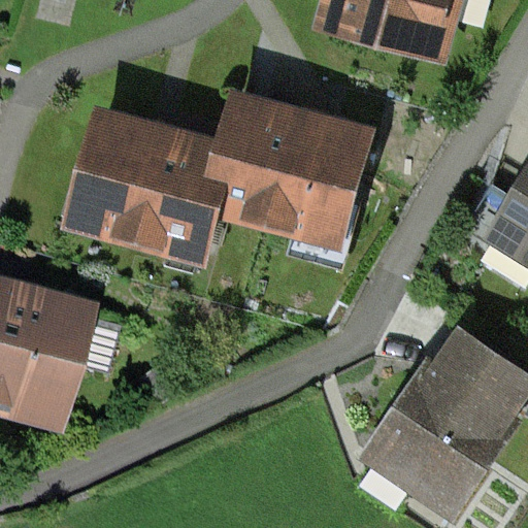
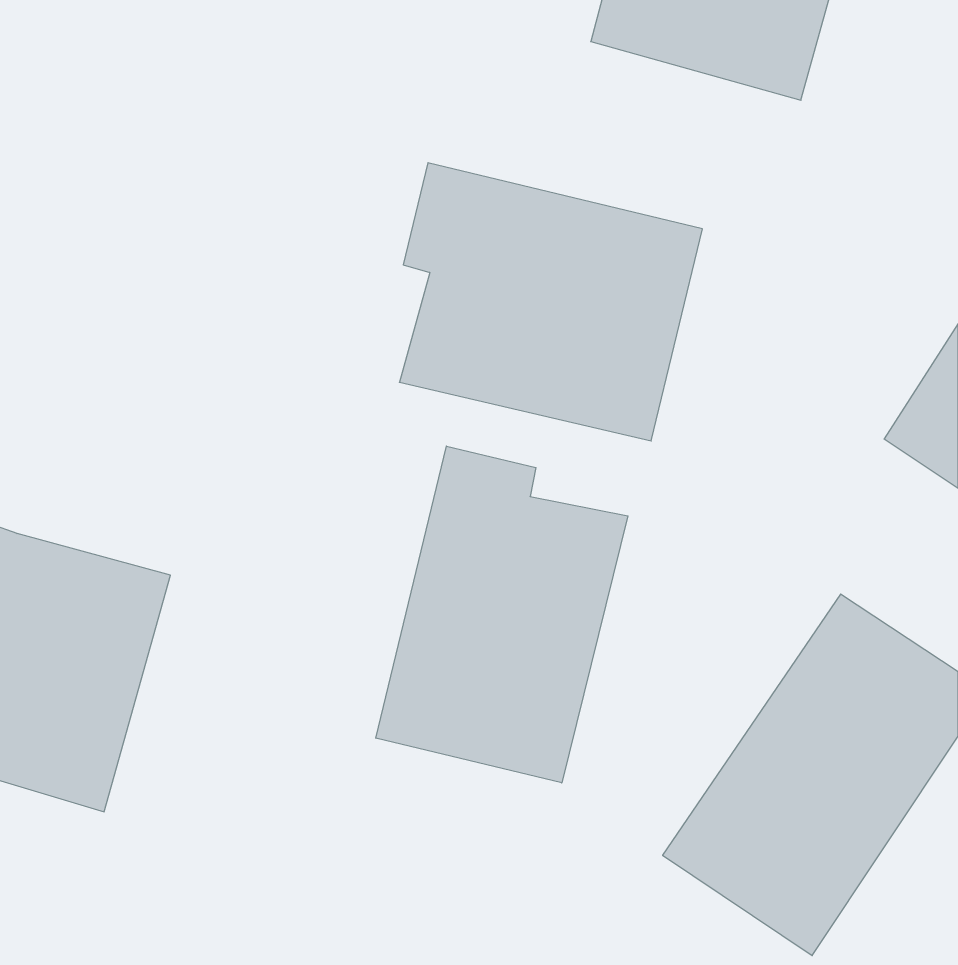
building: [72,112,234,266] -> none
building: none -> [376,446,628,783]

